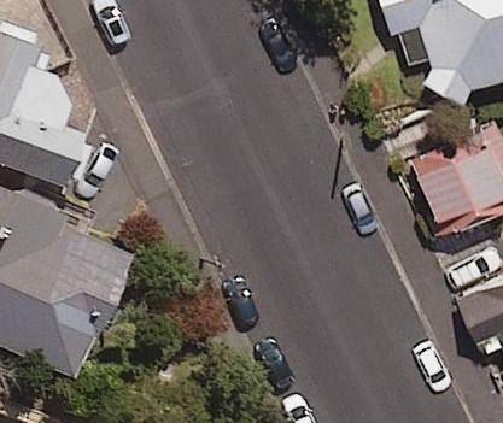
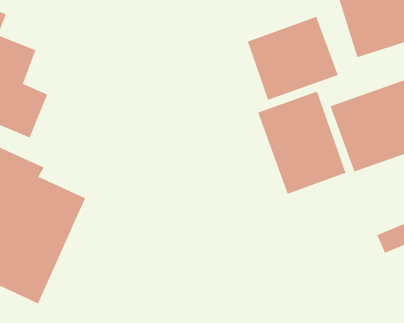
building: none -> [247,16,339,101]
building: none -> [257,91,346,195]

